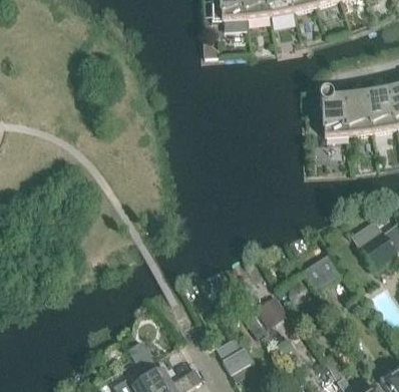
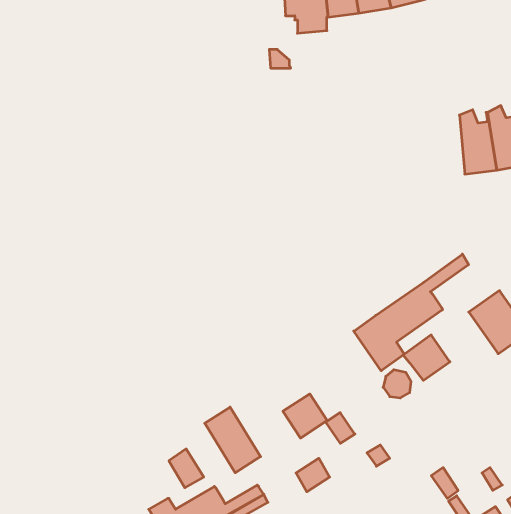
building: [320,88,350,135] -> none
building: none -> [354,254,468,371]
building: [256,294,289,327] -> [283,394,327,438]
building: none -> [205,407,261,473]

